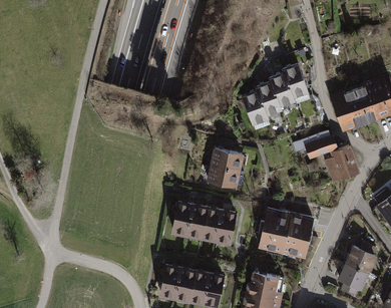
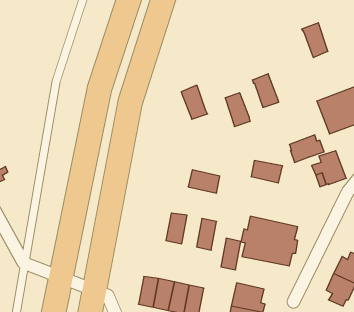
building: [282,64,307,97] -> [302,23,328,58]
building: [256,82,281,114] -> [181,85,208,119]
building: [212,149,242,171] -> [251,161,283,183]
building: [172,203,191,232] -> none
building: [202,208,221,238] -> [221,238,241,270]

